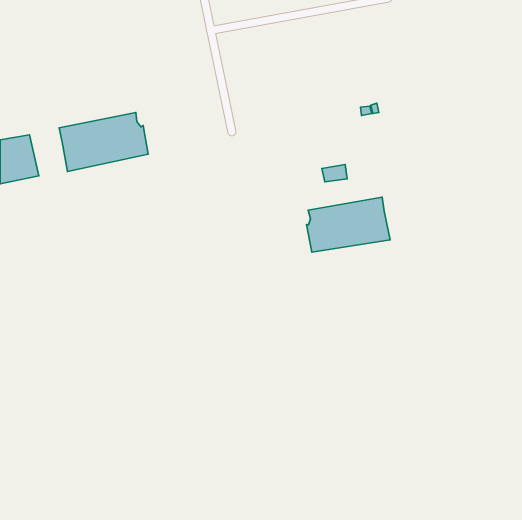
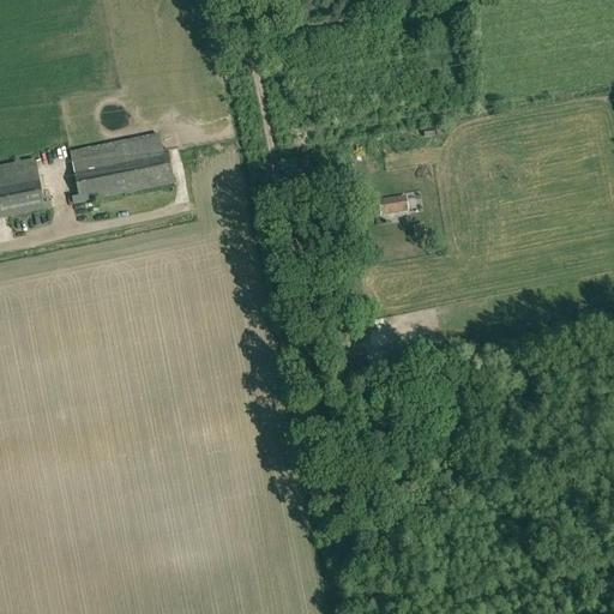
building: [306,197,390,252] -> none

